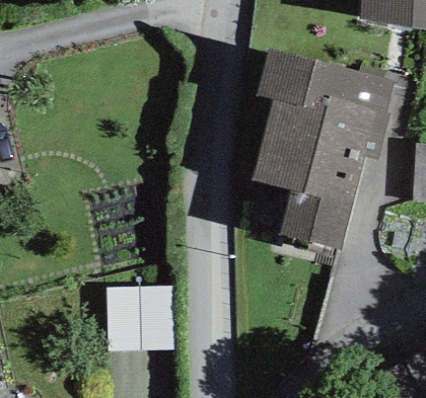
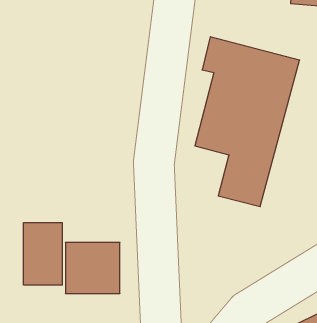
building: none -> [24,223,62,285]

